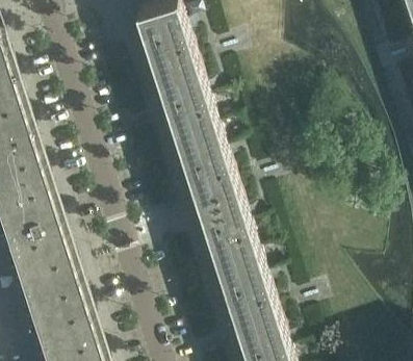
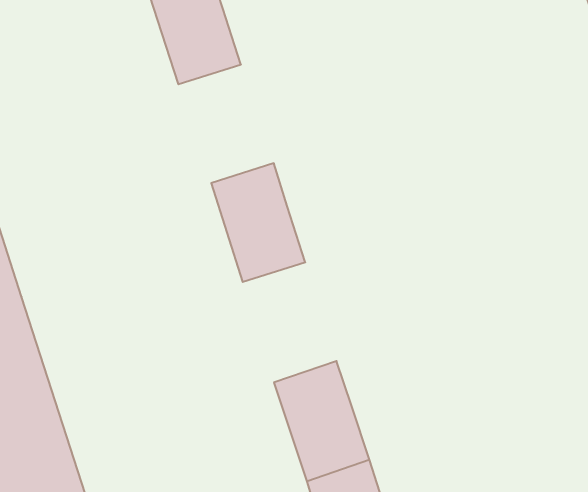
building: [151,55,211,130] -> none
building: [191,180,251,256] -> none

